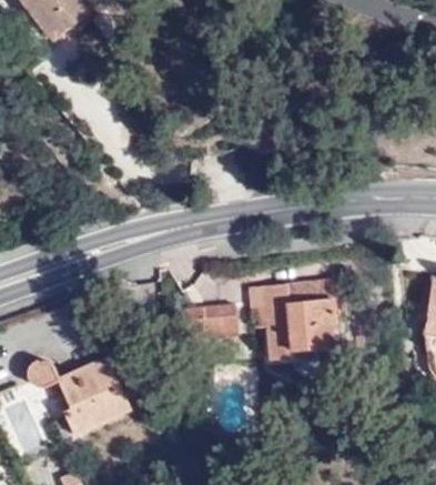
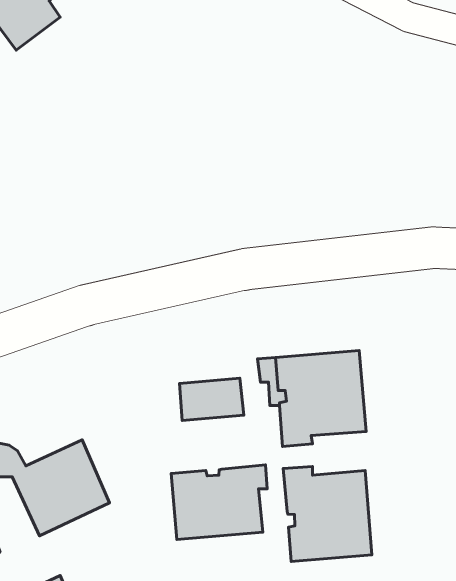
building: none -> [171,465,267,540]
building: none -> [283,467,372,561]

